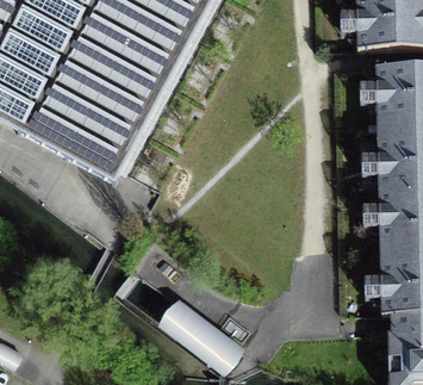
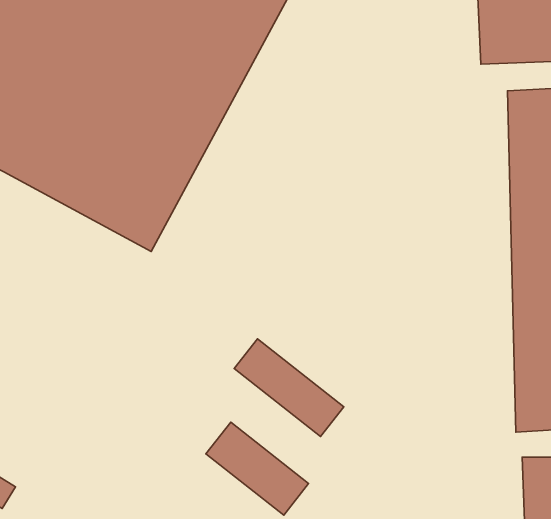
building: none -> [234,339,344,437]

